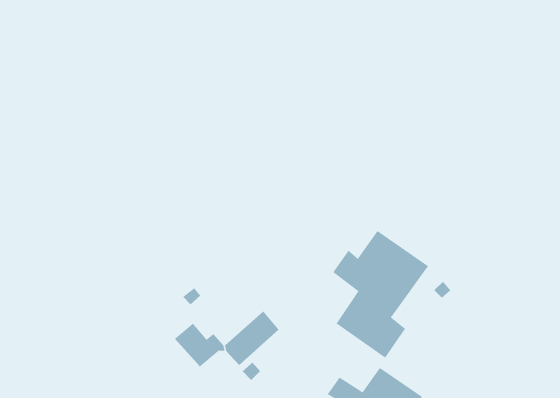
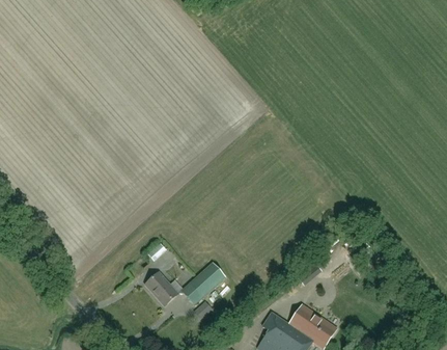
building: [332,230,429,359] -> none

